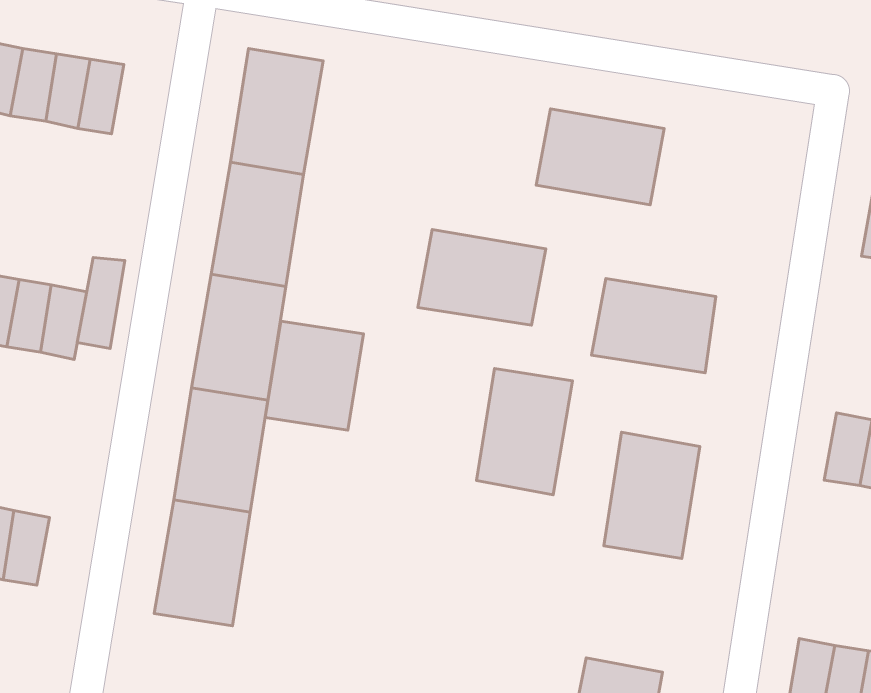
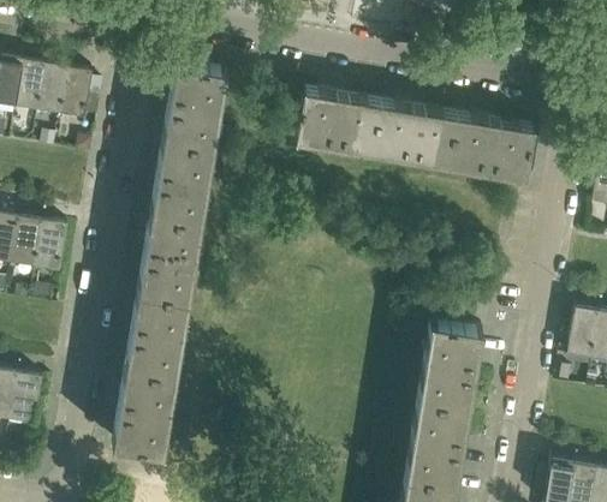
building: [418,229,546,325] -> [296,88,382,153]
building: [77,257,125,349] -> none
building: [592,279,716,373] -> [450,114,534,178]
building: [265,321,364,430] -> none
building: [477,369,573,495] -> [406,396,471,482]

